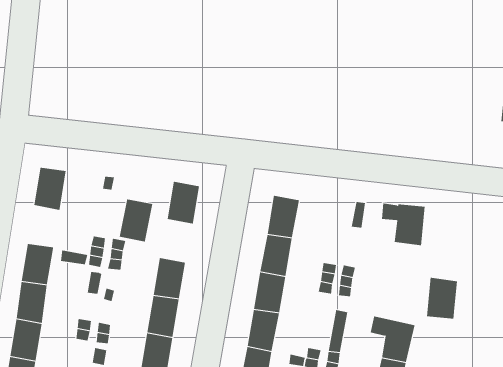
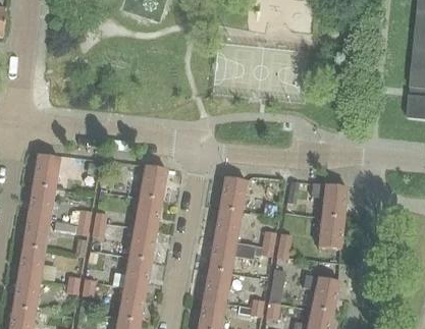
building: [119,199,153,242] -> [132,197,160,231]
building: none -> [26,185,53,219]
building: [426,277,458,319] -> [318,215,343,249]

